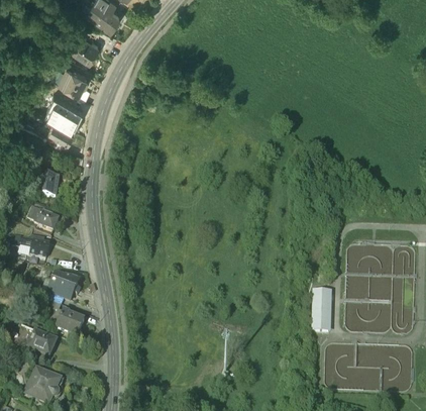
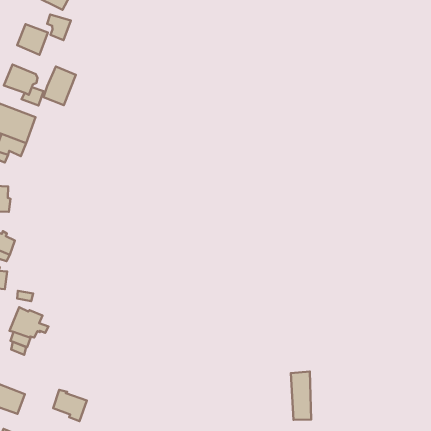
building: none -> [44,67,76,105]
building: [314,294,330,332] -> [291,372,311,420]
building: [58,307,85,333] -> [53,390,87,421]

